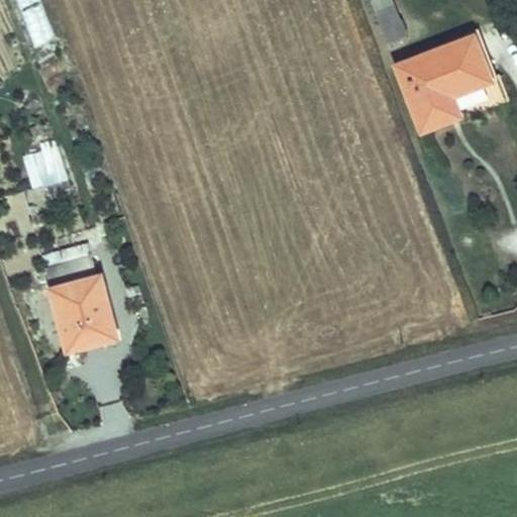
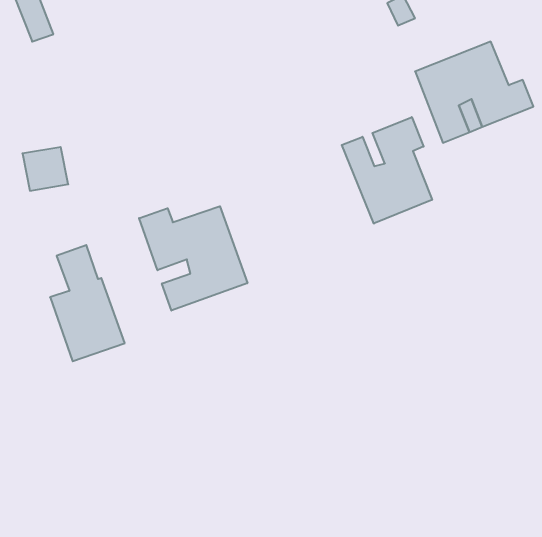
building: none -> [342,117,432,224]
building: none -> [139,206,247,311]

